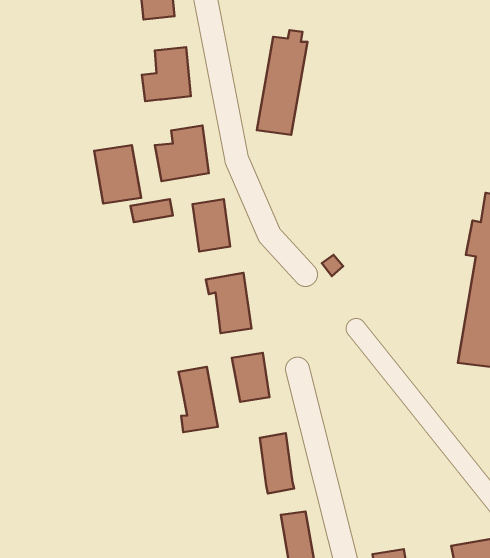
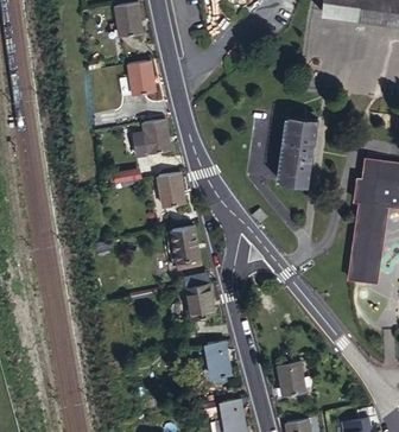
building: [257,30,307,135] -> [283,114,319,190]
building: [94,145,141,204] -> none
building: [178,367,218,432] -> none
building: none -> [276,360,303,398]

